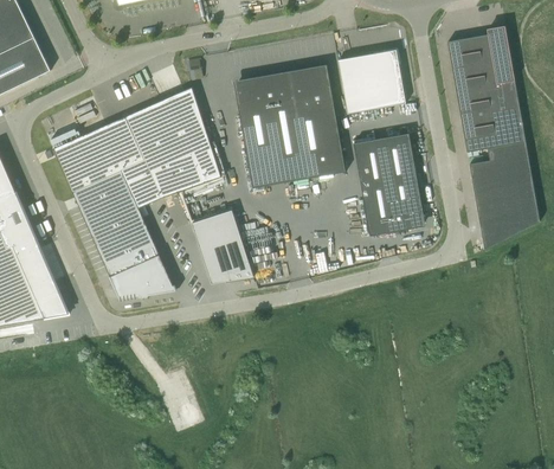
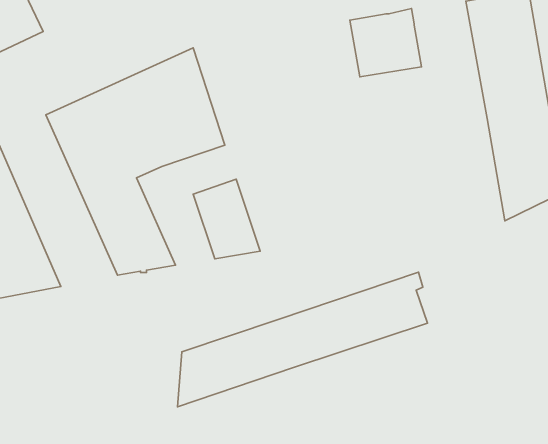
building: [236,64,344,187] -> none
building: [353,133,423,236] -> none
building: none -> [177,272,427,407]

